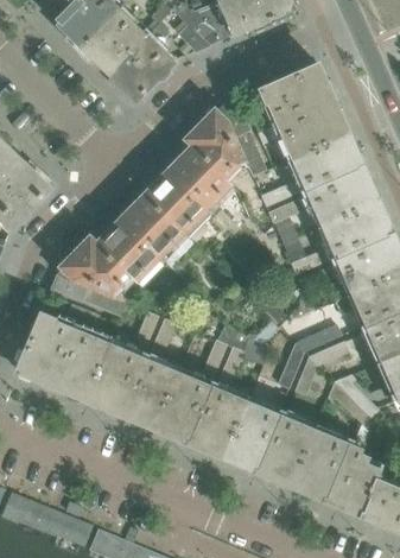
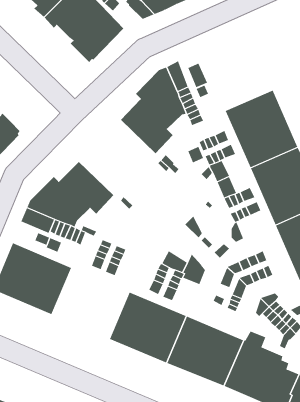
building: [262,64,349,159] -> none
building: [120,170,210,259] -> none
building: [88,344,179,429] -> none

